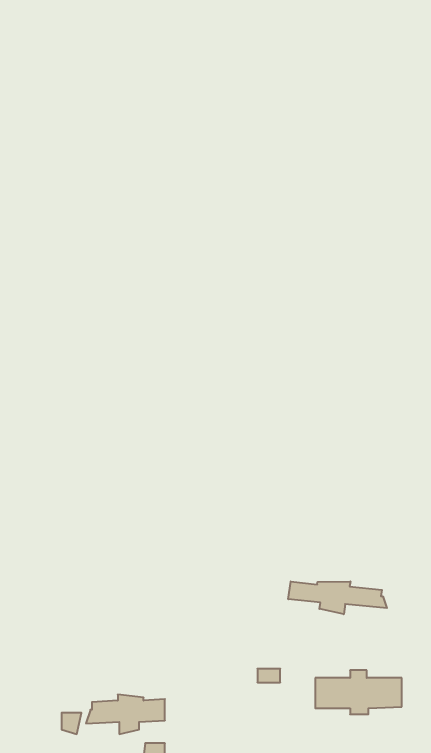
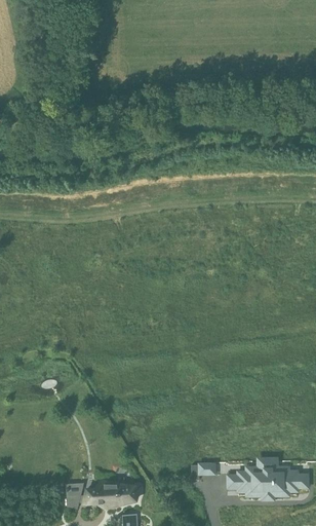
building: [288,581,387,614] -> none

